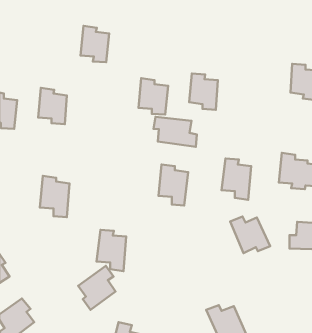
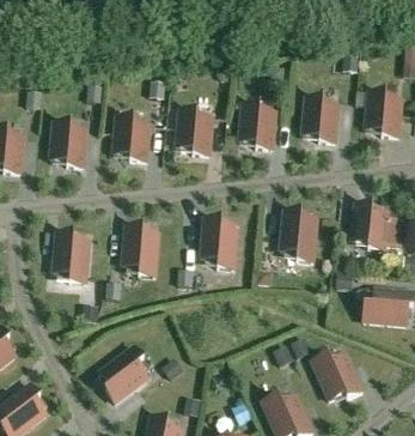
building: [80,26,109,62] -> [114,115,149,161]
building: none -> [303,97,338,143]
building: [153,117,197,147] -> none
building: [230,217,270,253] -> [311,351,361,396]
building: [97,230,126,271] -> [122,225,159,277]

